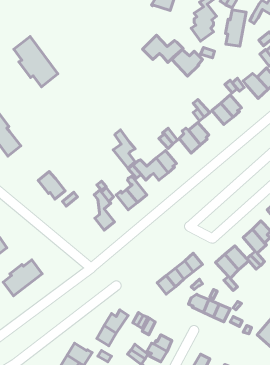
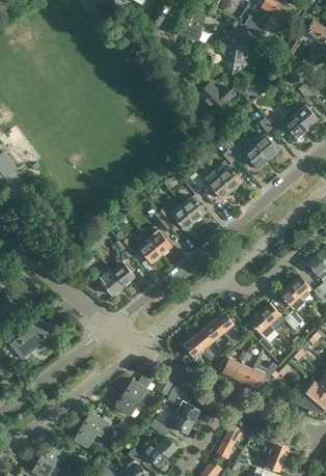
building: [226,10,246,46] -> none
building: [142,35,183,62] -> none
building: [14,36,58,87] -> none
building: [113,130,135,168] -> none
building: [38,171,65,199] -> [93,263,124,295]

